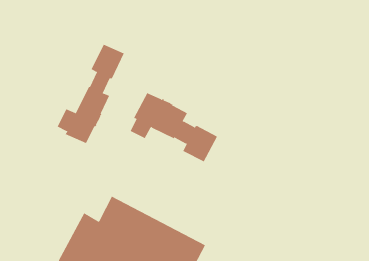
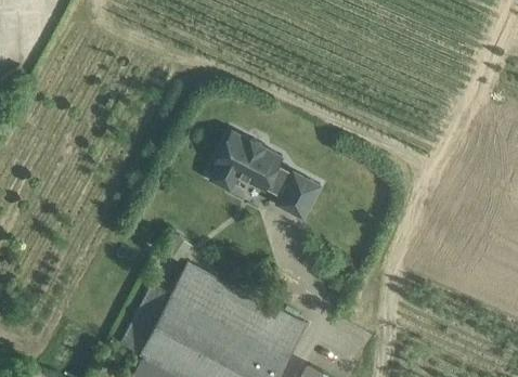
building: [57,44,125,144] -> none

